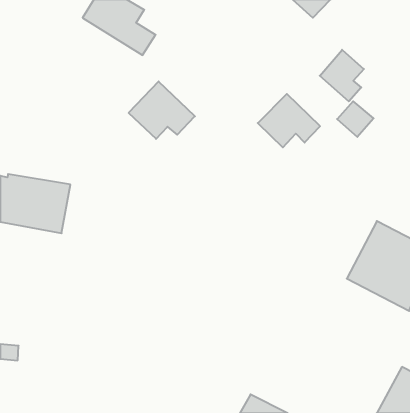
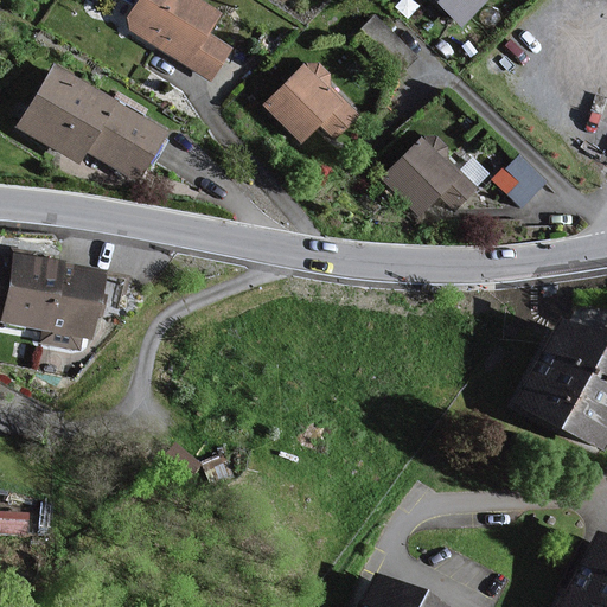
building: none -> [20,68,167,178]
building: [320,50,364,101] -> none
building: [129,81,195,139] -> [262,63,359,147]

